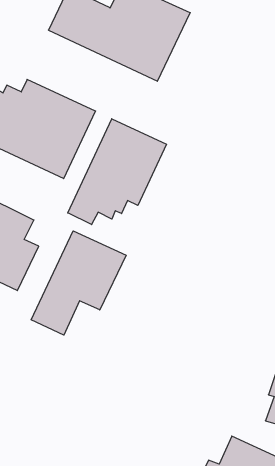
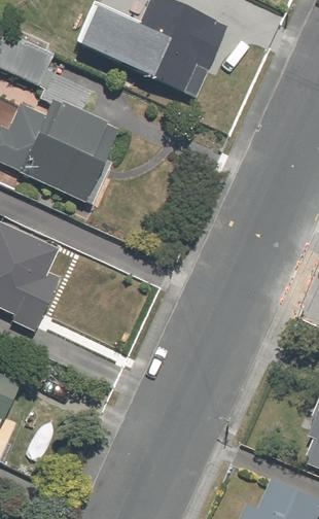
building: [68,119,167,225] -> none
building: [31,231,126,335] -> none

